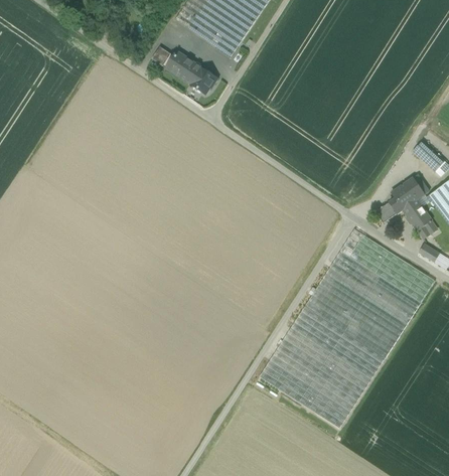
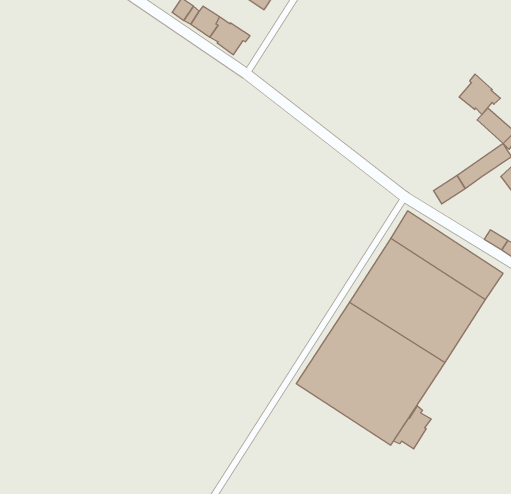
building: none -> [459,74,500,115]
building: [403,198,437,237] -> none
building: none -> [394,406,431,449]

